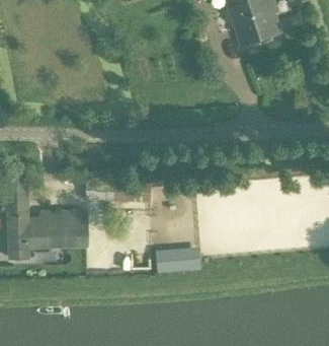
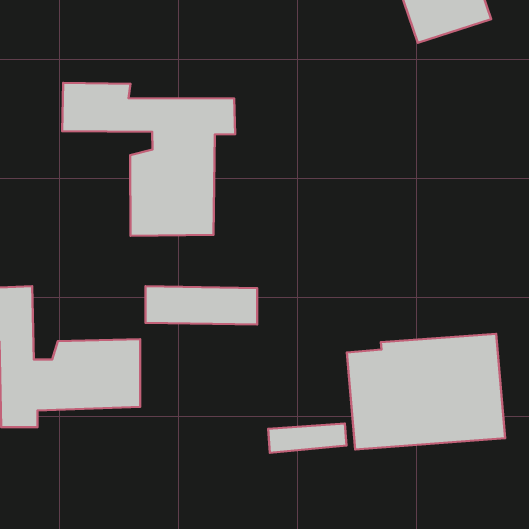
building: none -> [62,83,235,236]
building: none -> [347,334,505,450]

